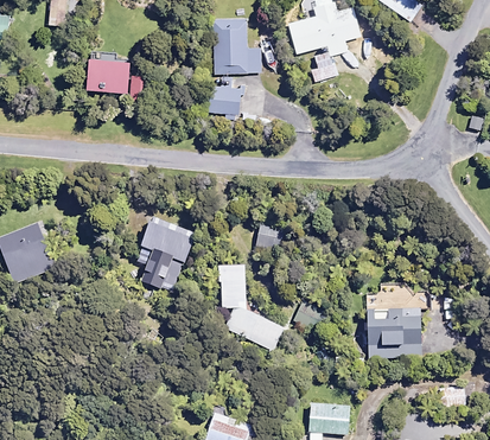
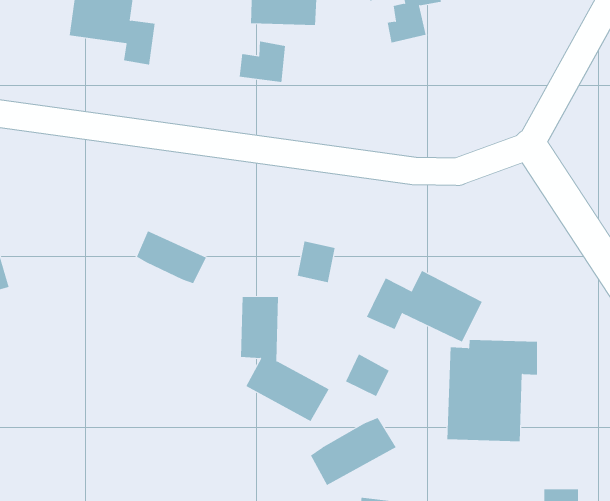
building: none -> [366,270,482,342]
building: [138,245,177,289] -> none
building: none -> [310,417,396,486]

